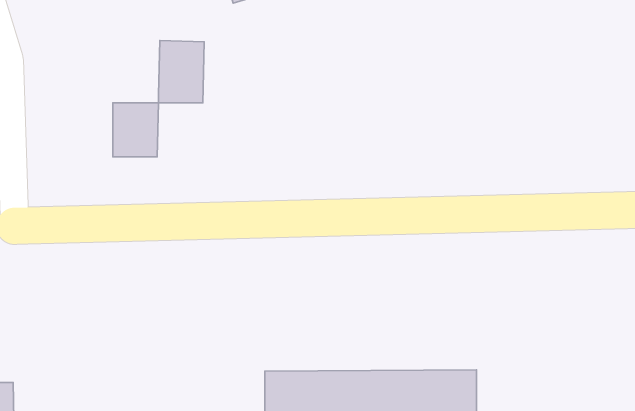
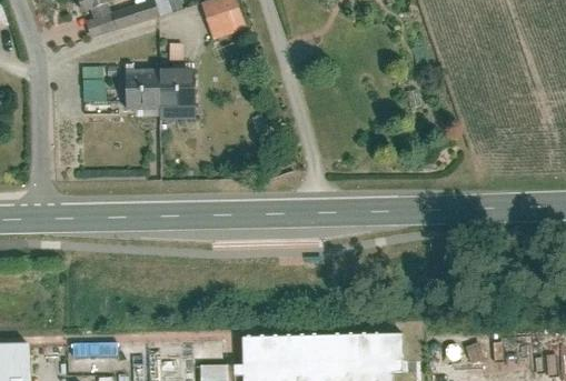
building: [113,103,158,157] -> [118,68,155,111]

